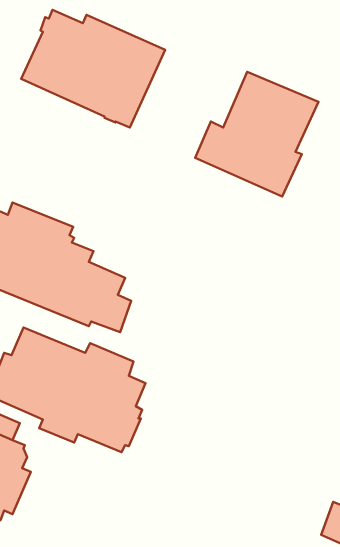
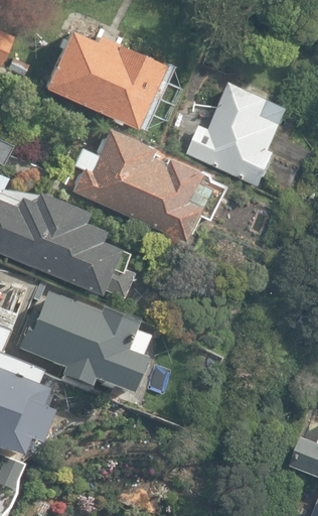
building: none -> [72,129,226,242]

